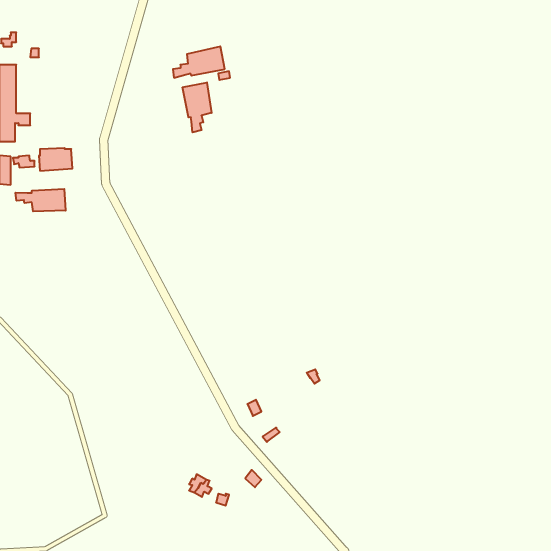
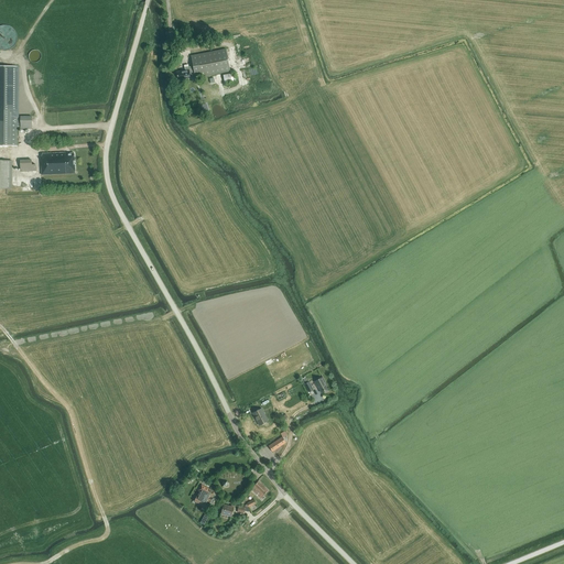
building: [183,82,212,132] -> none
building: [16,189,66,211] -> none

